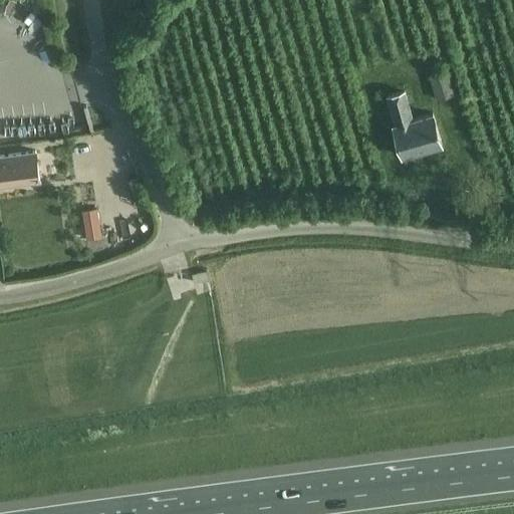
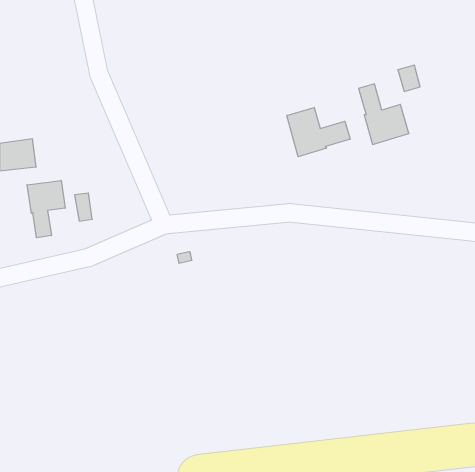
building: none -> [287,107,350,157]
building: none -> [27,180,65,238]

